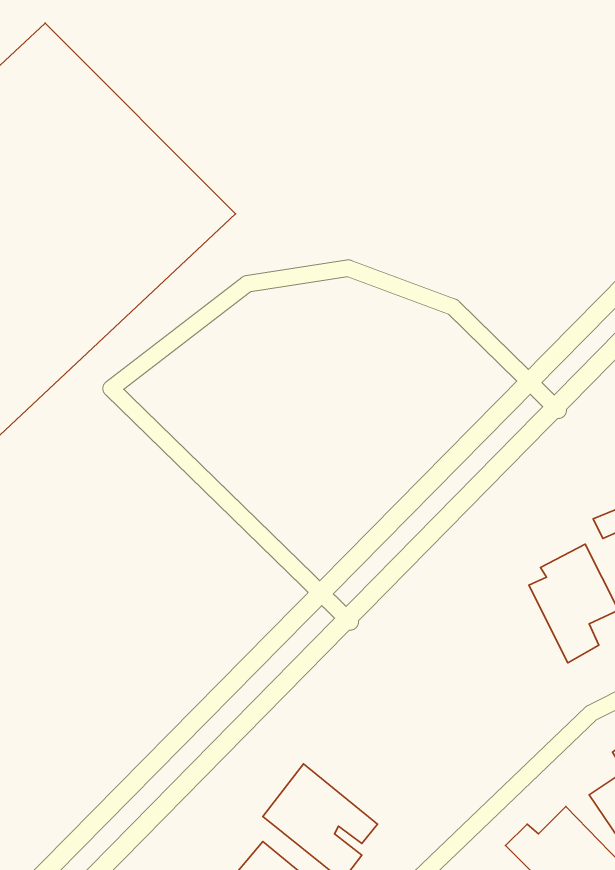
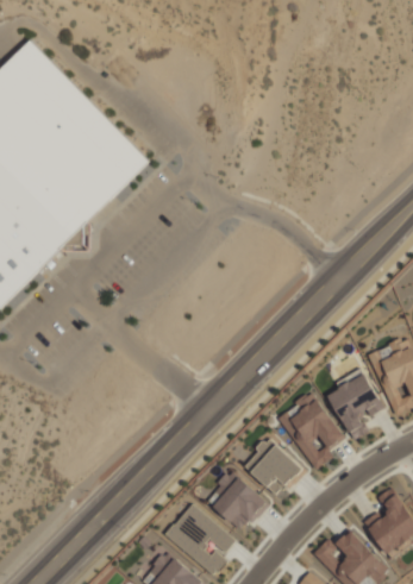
building: none -> [281,391,345,469]
building: none -> [244,438,305,495]
building: none -> [206,470,269,532]

